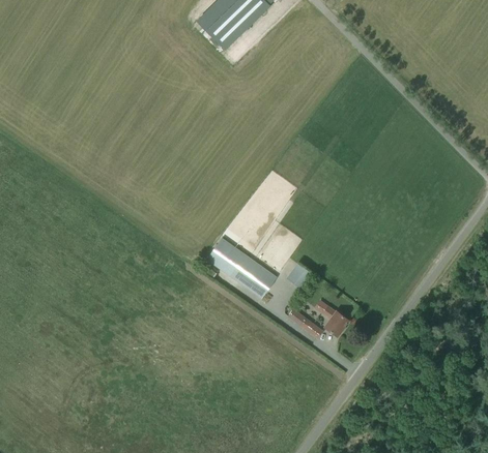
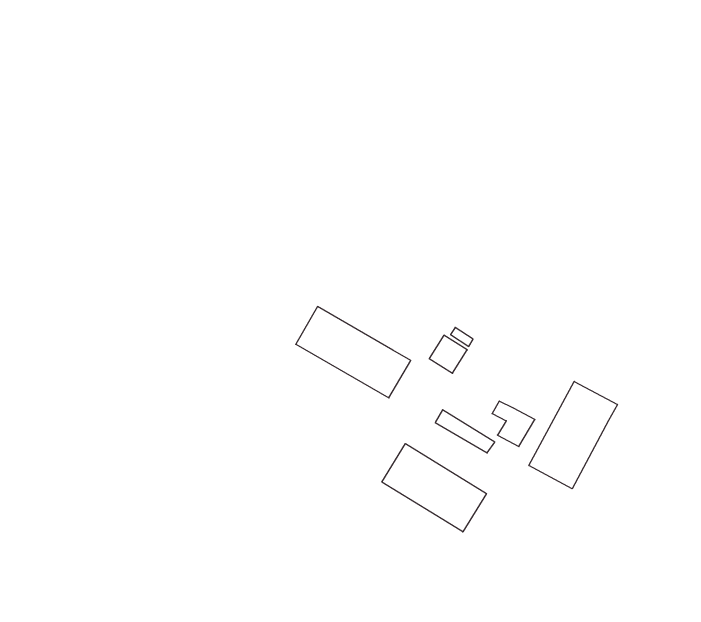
building: none -> [529,381,617,489]
building: none -> [382,444,486,532]

